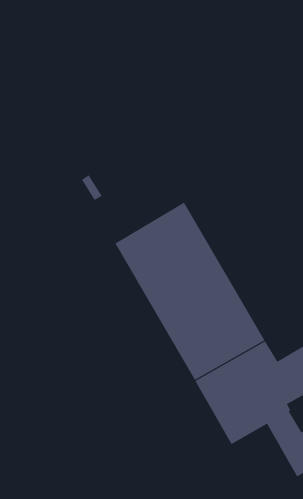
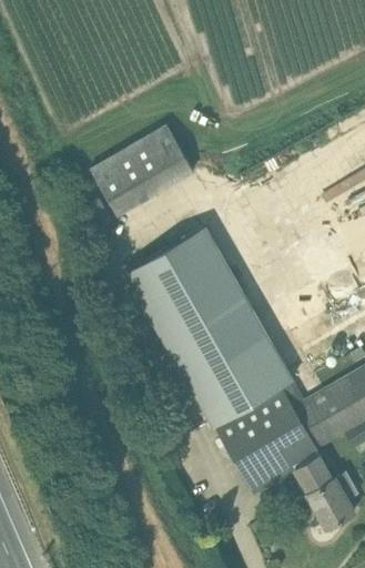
building: none -> [90,124,194,217]

